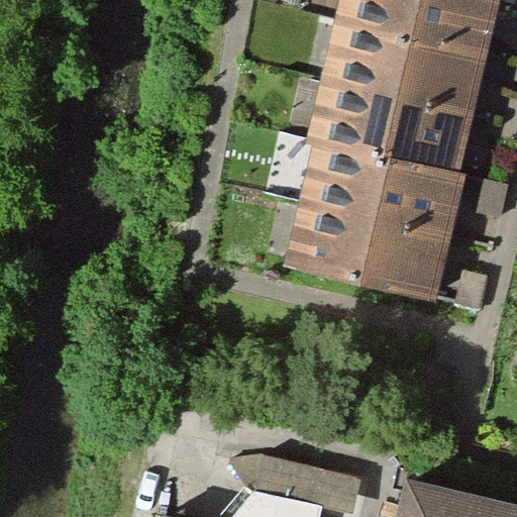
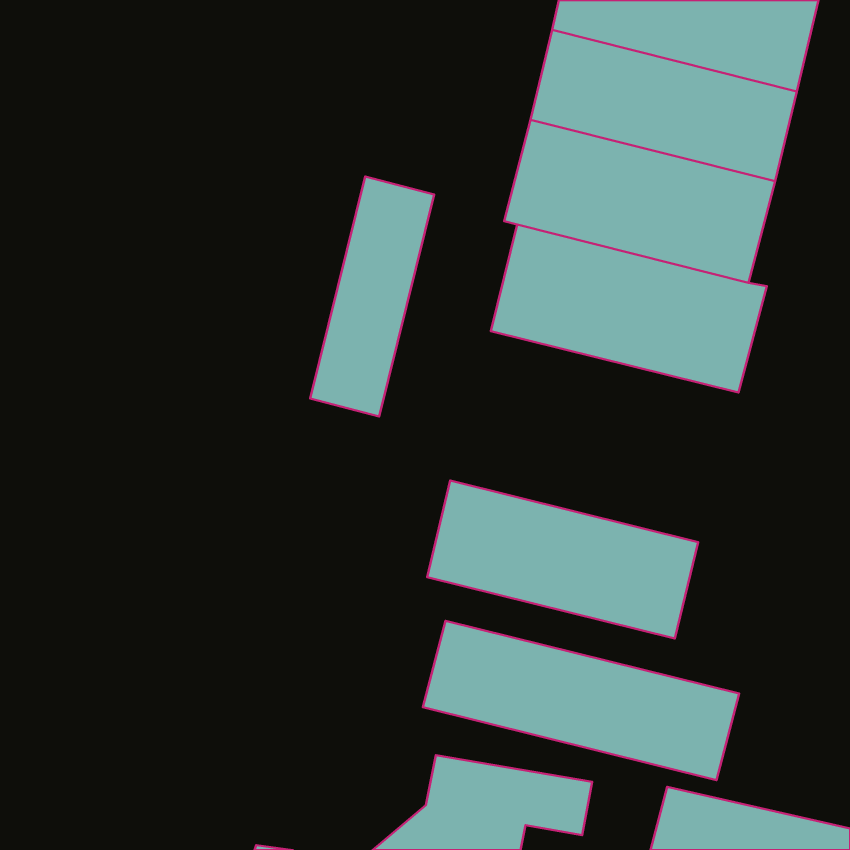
building: none -> [310,176,434,416]
building: [284,201,448,297] -> [427,481,698,639]
building: none -> [423,621,739,780]

